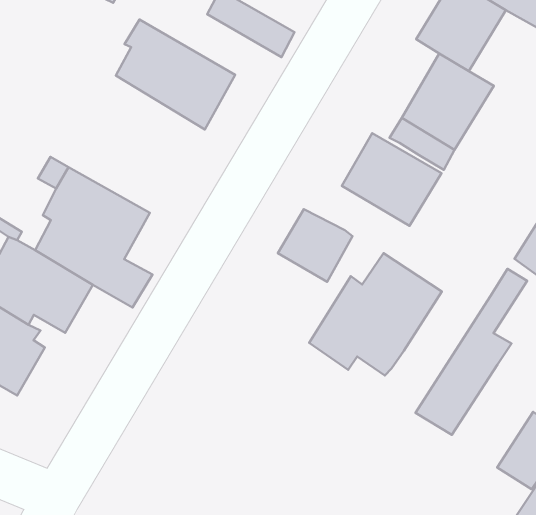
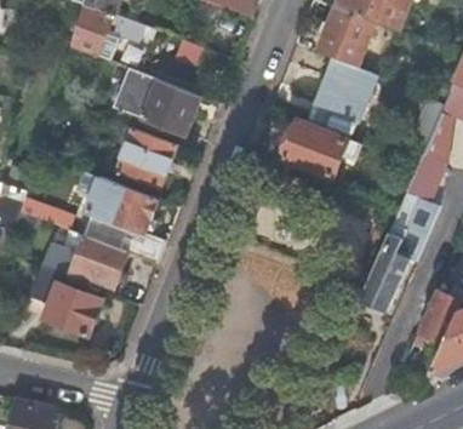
building: none -> [116,127,178,188]
building: [278,209,352,282] -> none
building: [309,253,442,375] -> none

